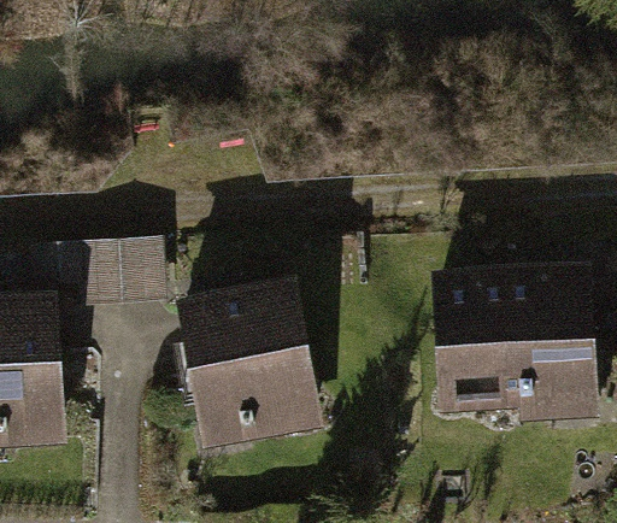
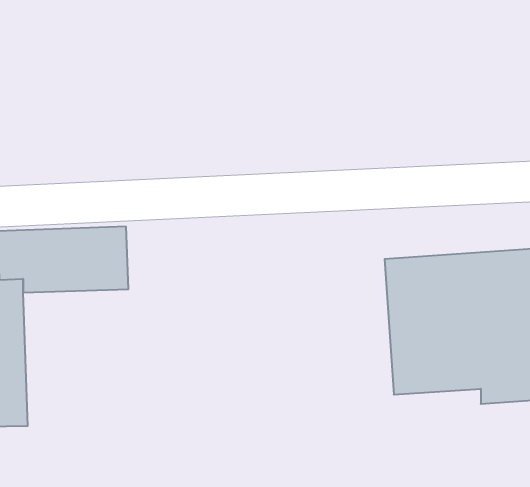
building: [175,276,322,448] -> none

